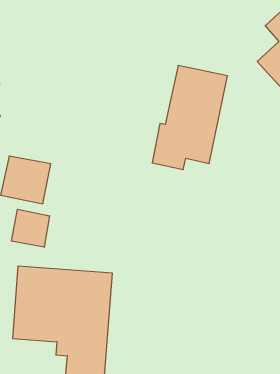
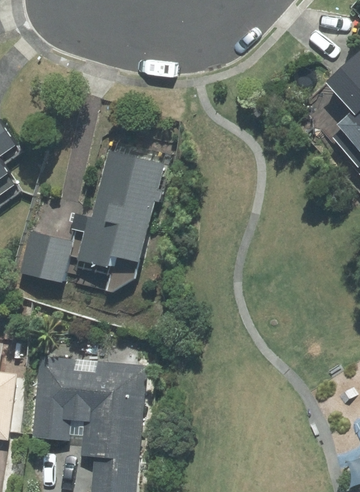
building: [152,65,228,170] -> [77,153,164,273]
building: [11,209,50,247] -> none

